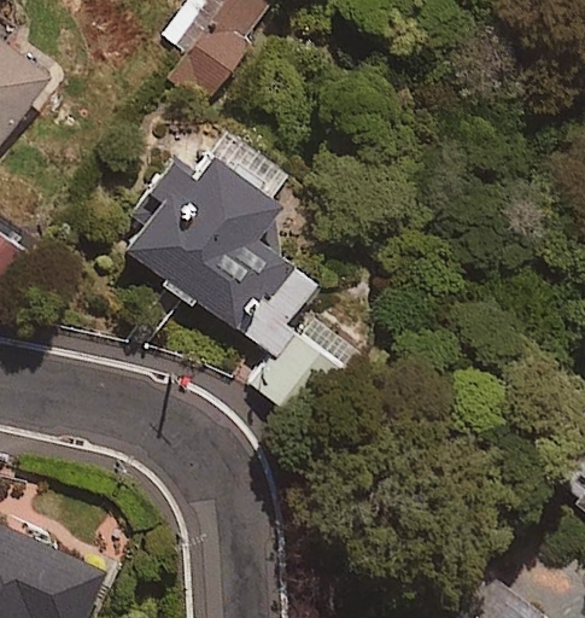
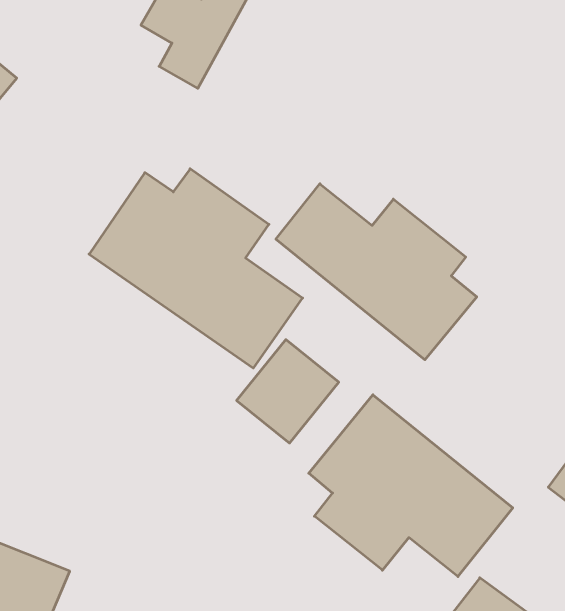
building: none -> [276,184,477,360]
building: none -> [309,395,513,577]

